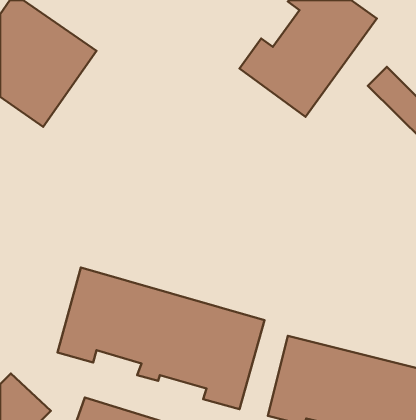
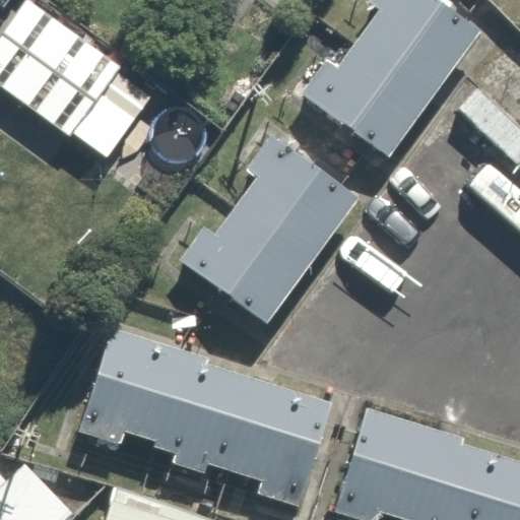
building: none -> [182,146,346,324]

